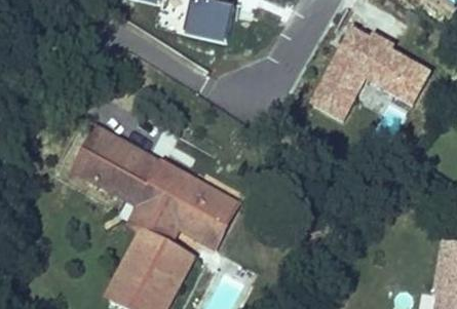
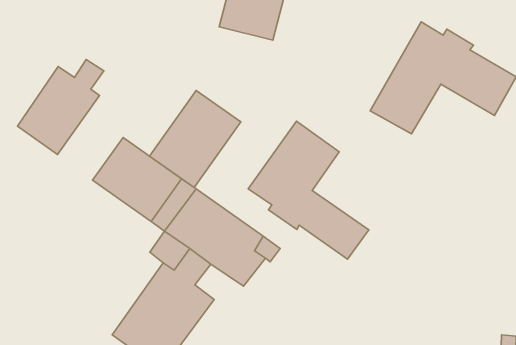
building: none -> [18,59,104,155]
building: none -> [150,90,241,188]
building: none -> [248,121,369,259]

